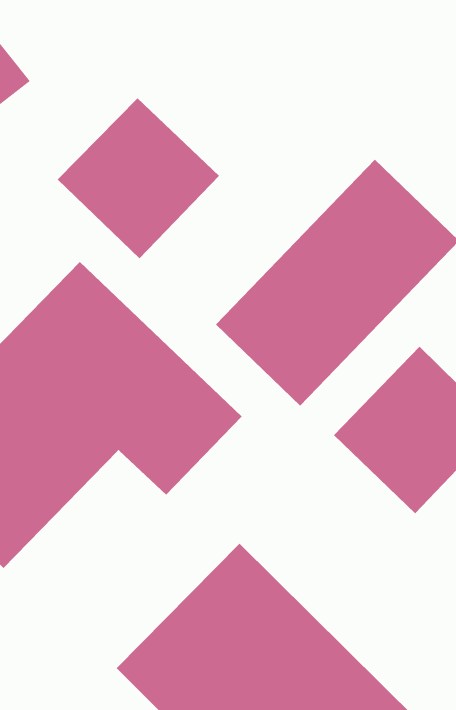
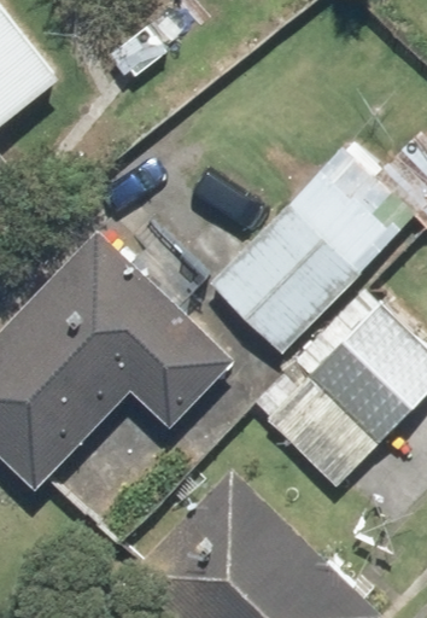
building: [57,97,220,259] -> none

